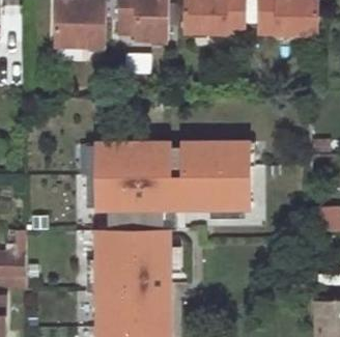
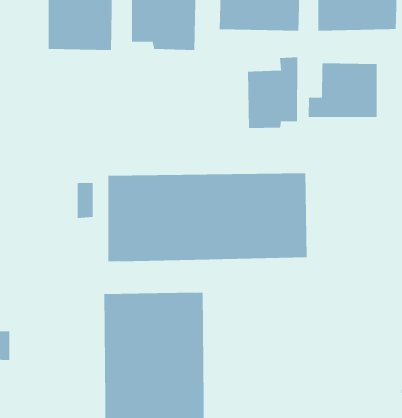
building: none -> [248,57,298,129]
building: none -> [308,63,377,118]
building: [106,204,163,229] -> none

